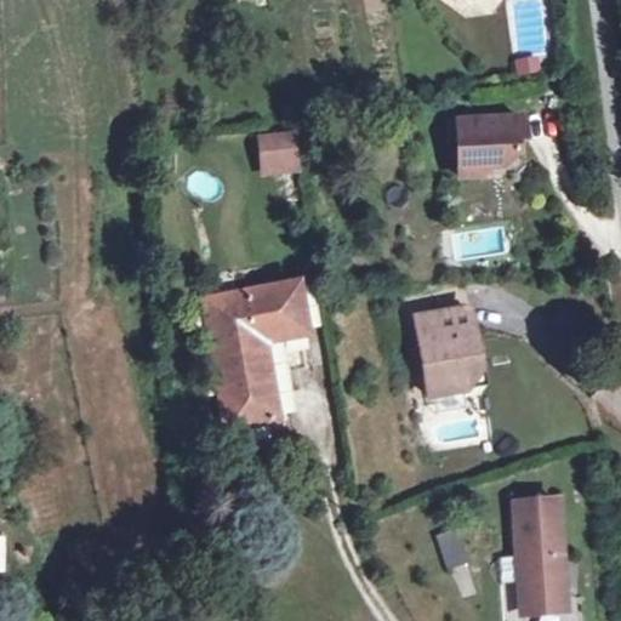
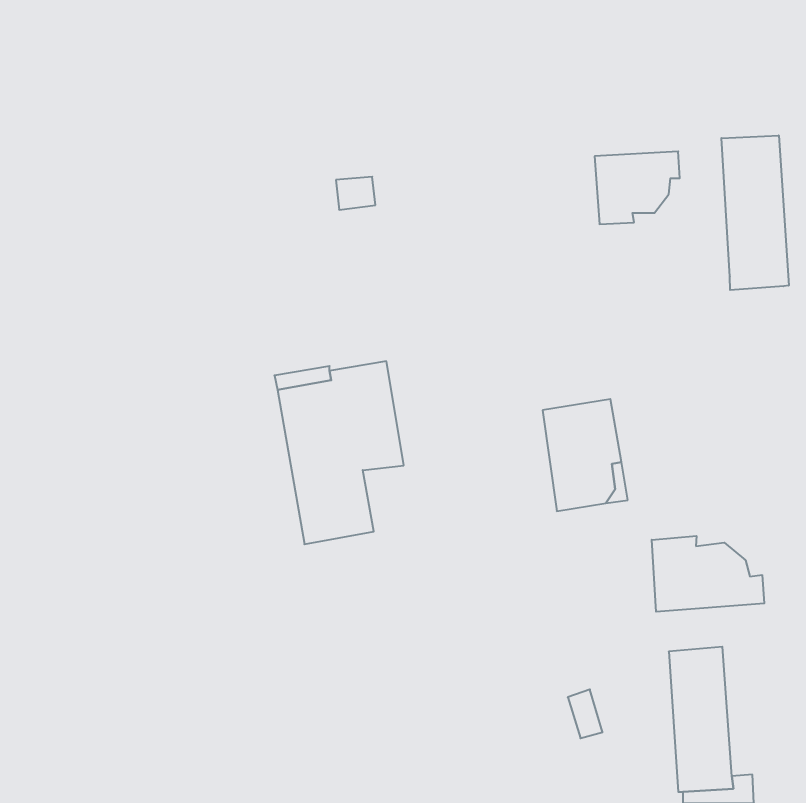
building: none -> [721,135,789,290]
building: none -> [652,536,764,612]

